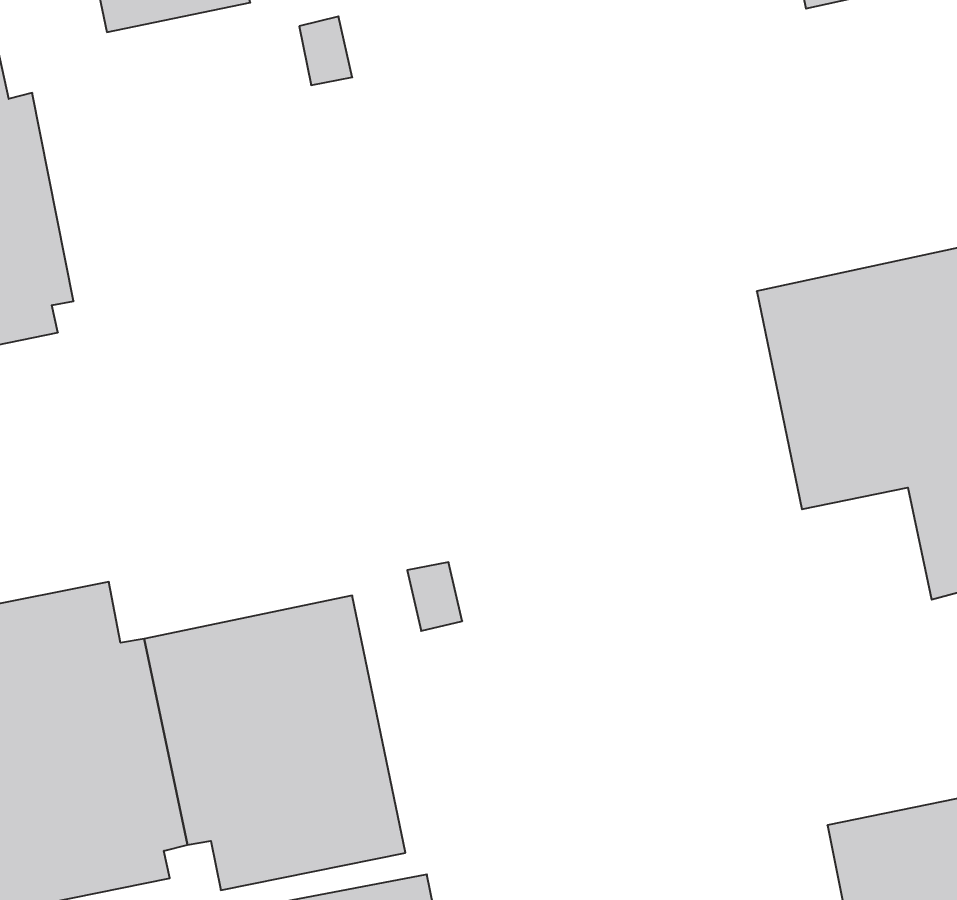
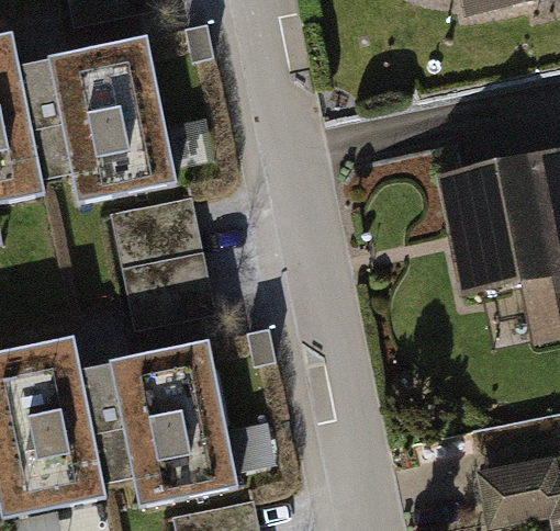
building: none -> [32,37,178,202]
building: none -> [112,195,215,330]

